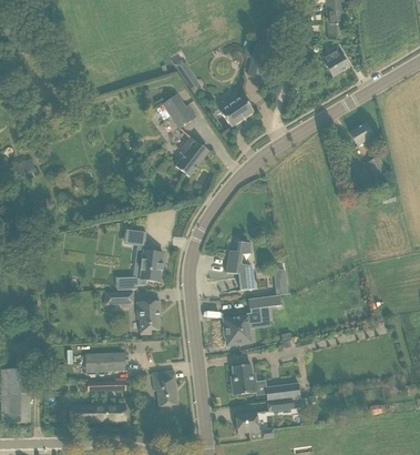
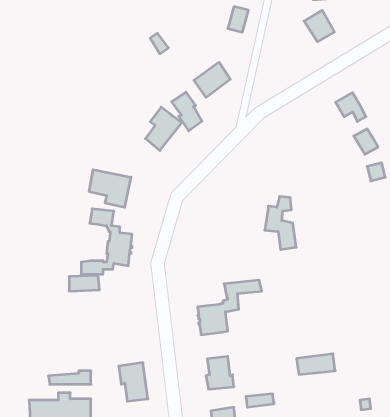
building: [163,94,191,130] -> [172,92,202,131]
building: none -> [89,170,131,207]
building: [225,242,254,291] -> [265,196,296,250]
building: [136,302,160,334] -> none
building: [85,353,124,372] -> none
building: [265,383,300,402] -> [297,354,335,374]

